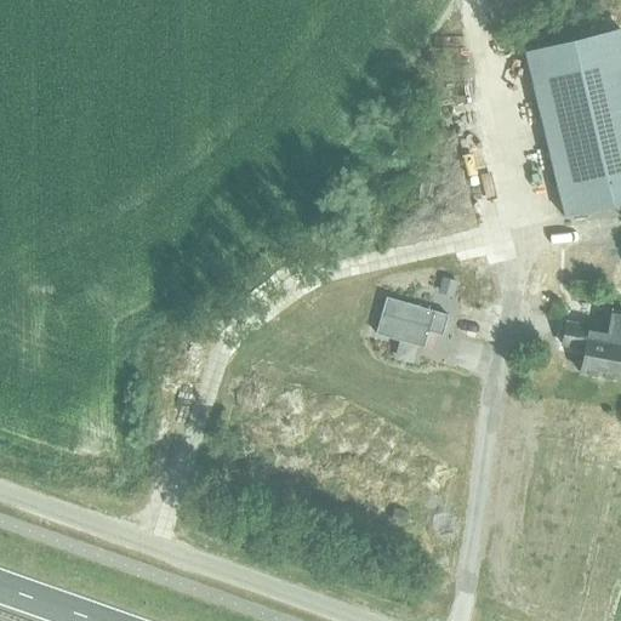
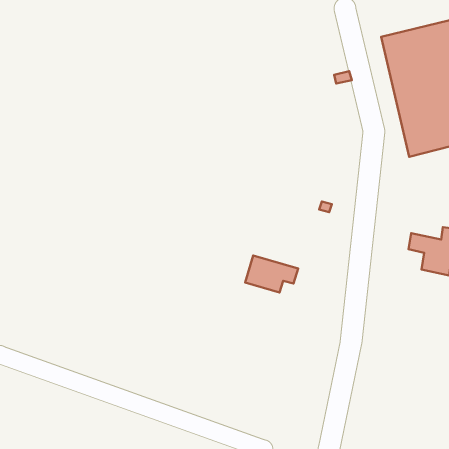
building: [377,296,450,347] -> [245,255,298,292]

